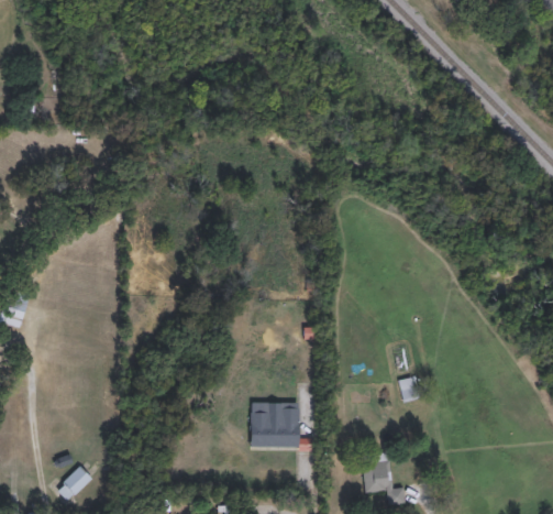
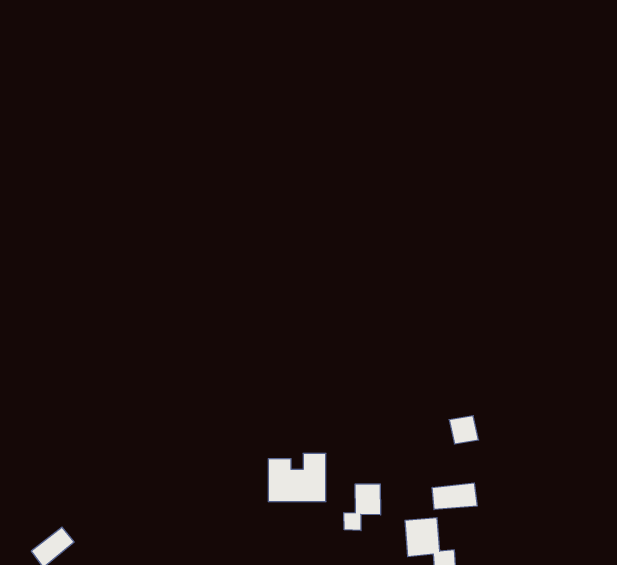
building: none -> [432,483,477,510]
building: none -> [344,484,381,531]

